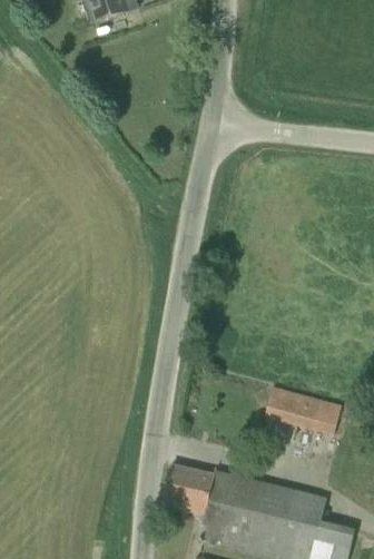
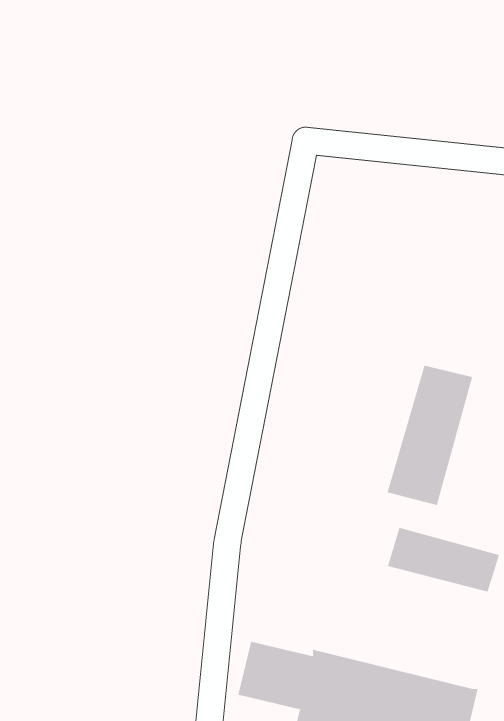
building: none -> [387,365,473,506]

